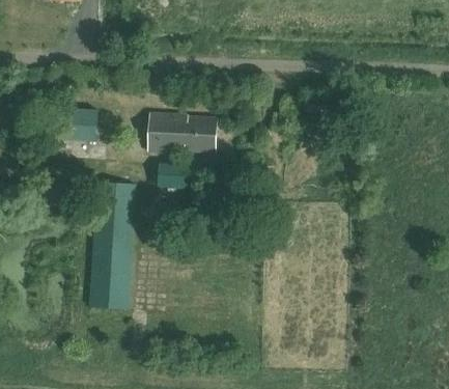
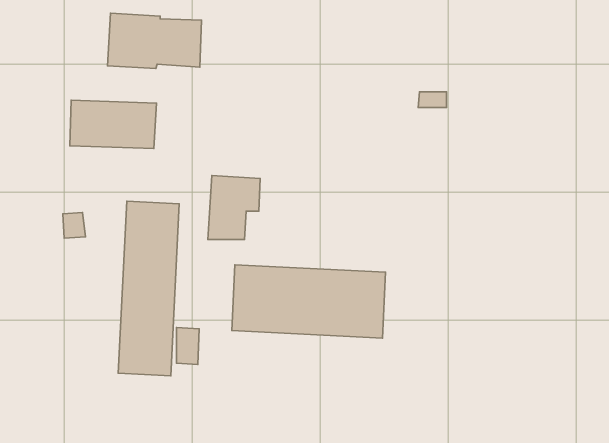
building: [148,112,217,152] -> [108,13,201,69]
building: none -> [232,265,385,338]

